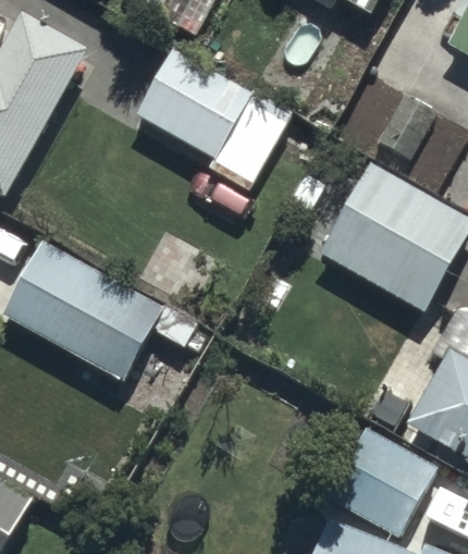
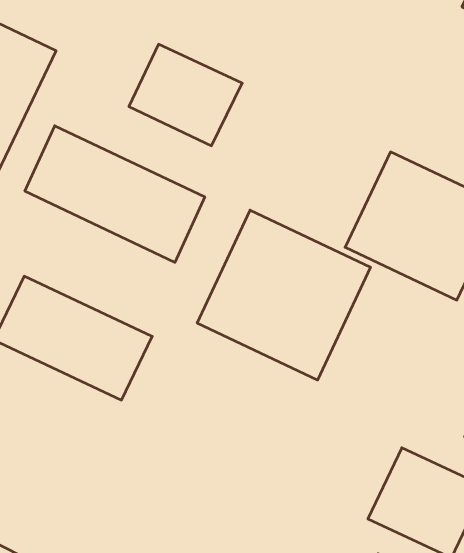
building: none -> [25,126,205,262]
building: none -> [197,210,370,380]

